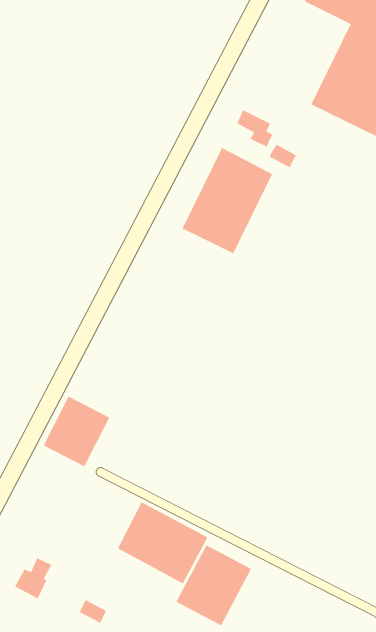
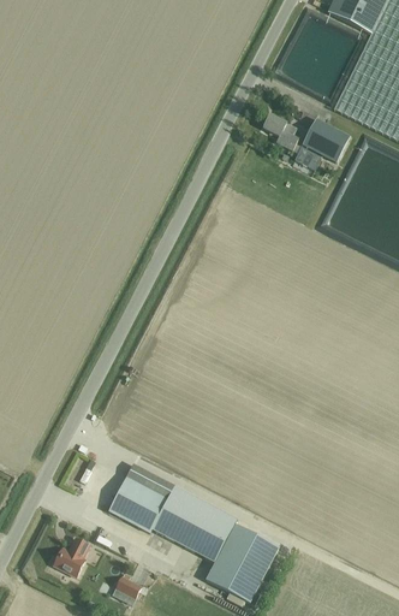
building: none -> [302,119,349,162]
building: [181,147,273,254] -> none
building: [43,396,110,467] -> [109,464,173,532]

